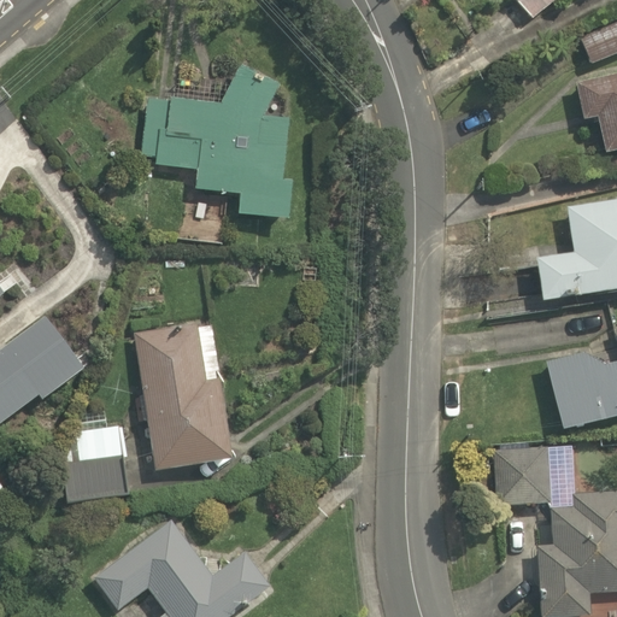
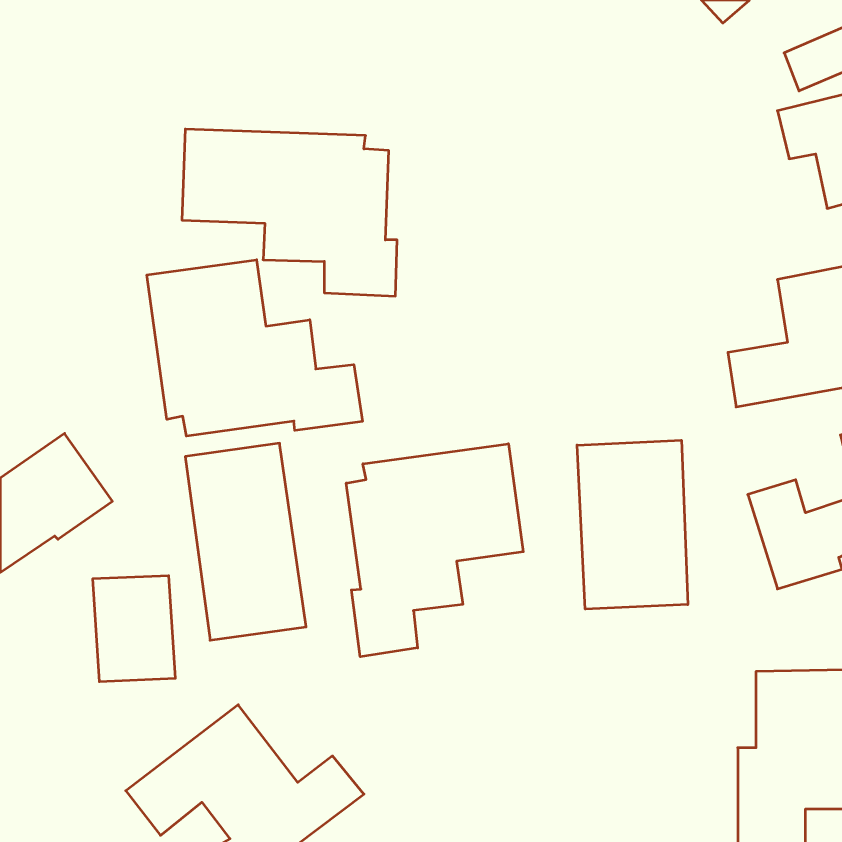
building: none -> [147,260,362,436]
building: none -> [577,440,688,609]
building: none -> [346,444,523,657]
building: [492,449,546,504] -> none

